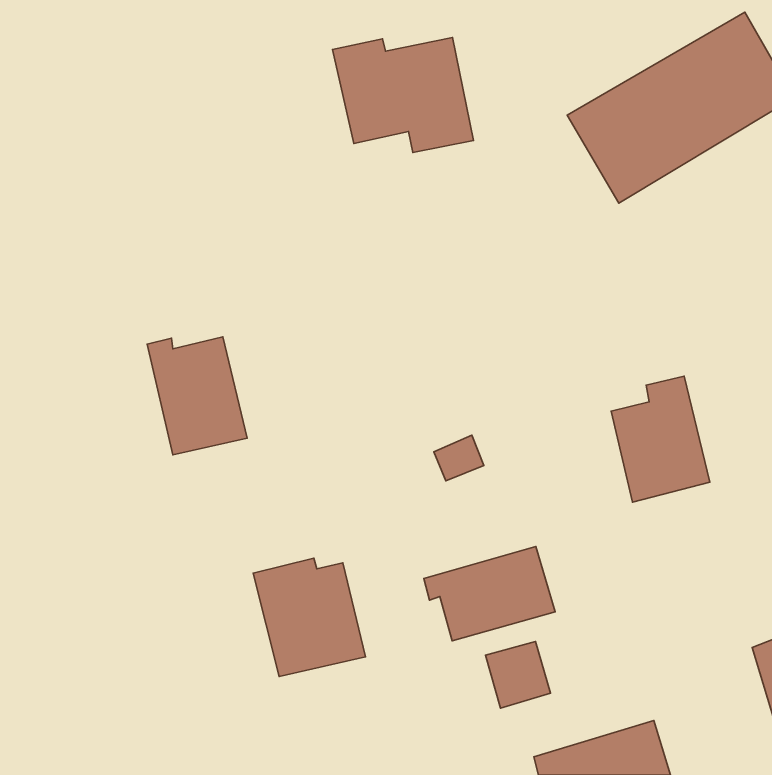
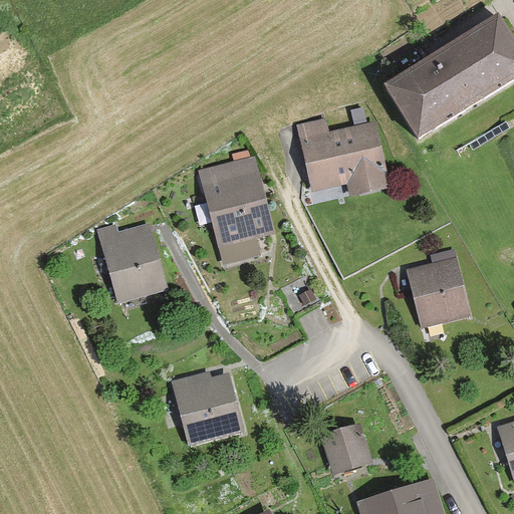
building: [333,37,474,153] -> [295,120,389,197]
building: none -> [202,158,276,265]
building: [424,547,555,641] -> none

